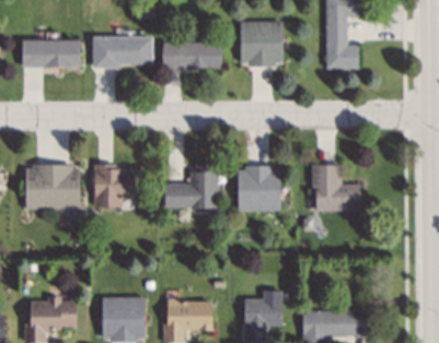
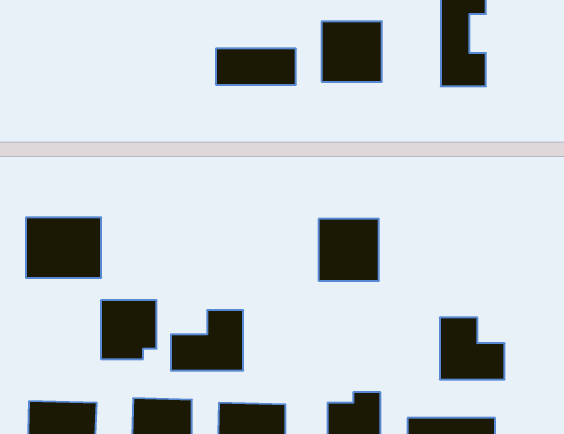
building: [93,37,152,67] -> none
building: [21,40,80,68] -> none
building: [94,165,135,208] -> [101,300,157,359]
building: [164,165,217,209] -> [171,310,243,371]
building: [314,166,361,211] -> [440,318,505,379]

